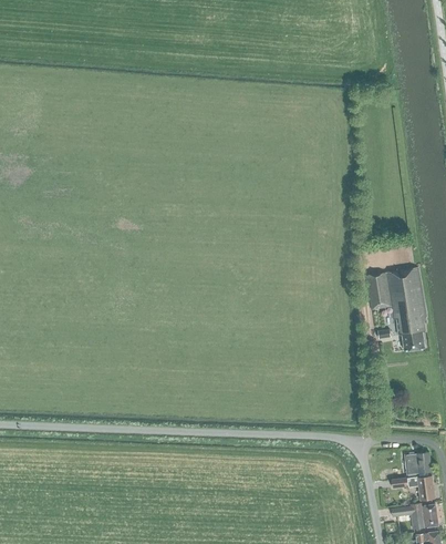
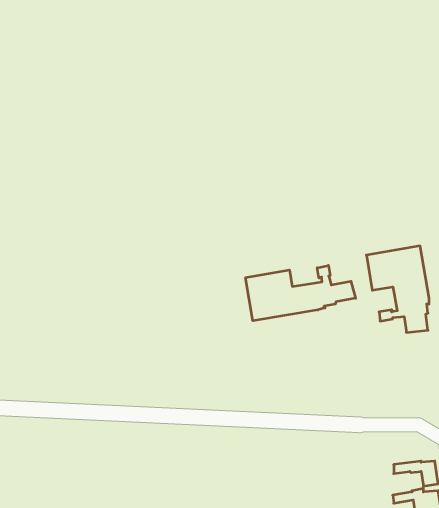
building: none -> [246,265,356,321]
building: [405,452,431,474] -> none

